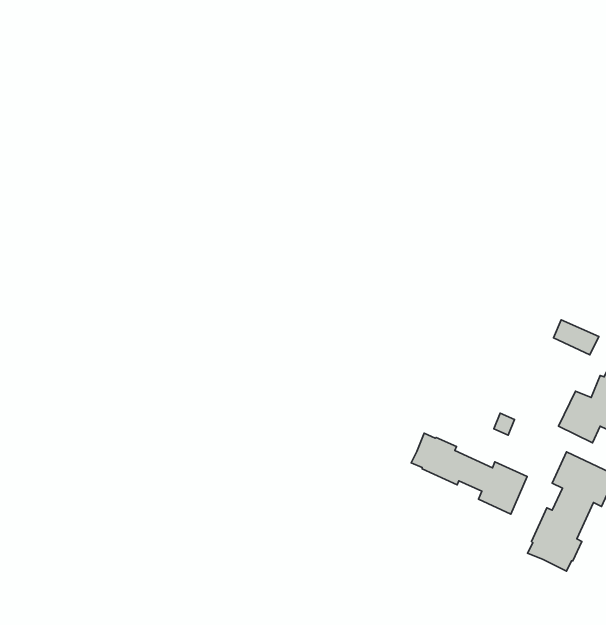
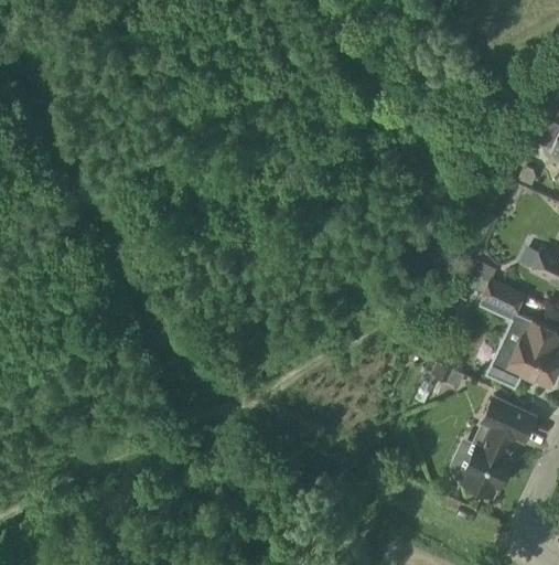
building: [411,433,527,514] -> none

